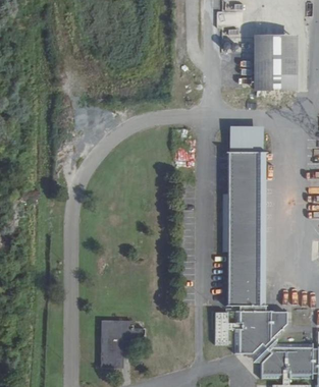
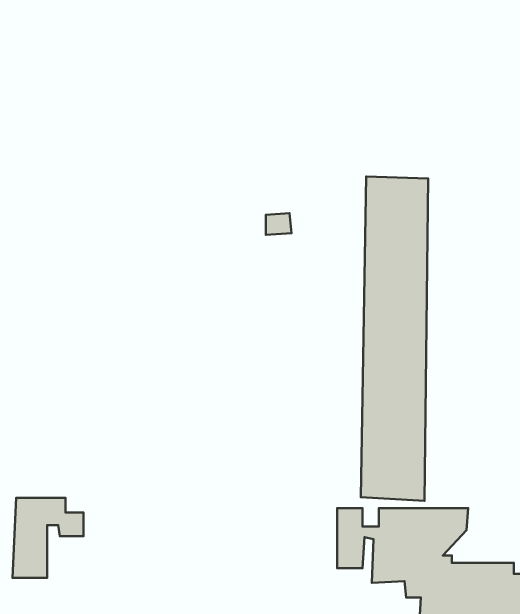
building: [253,34,299,94] -> none
building: [104,318,144,363] -> [13,498,84,578]

